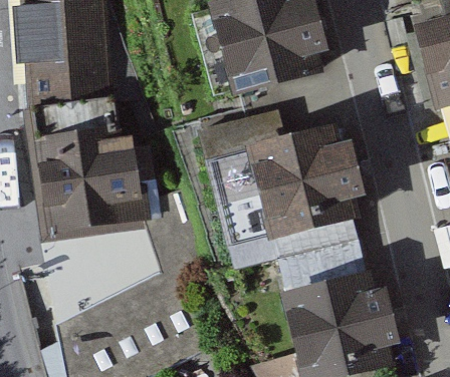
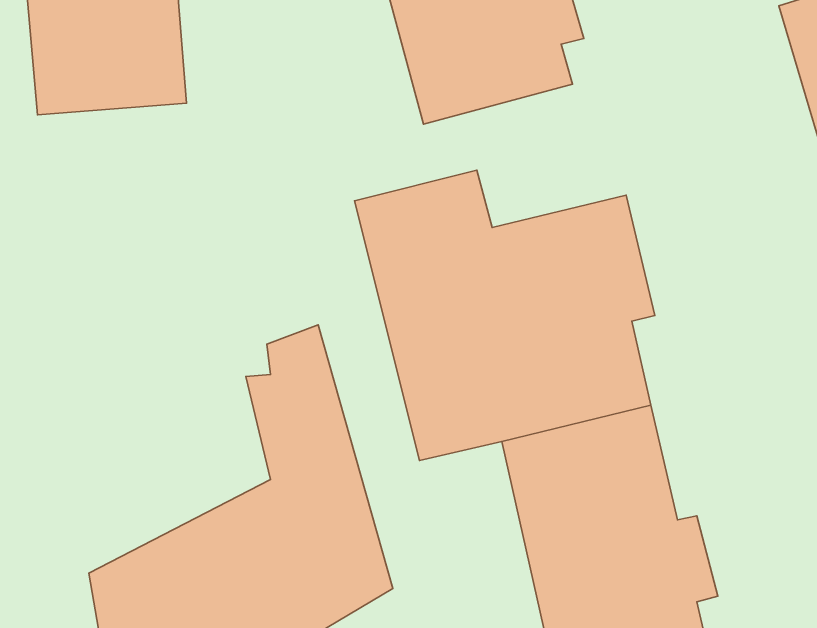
building: [42,128,153,234] -> none

